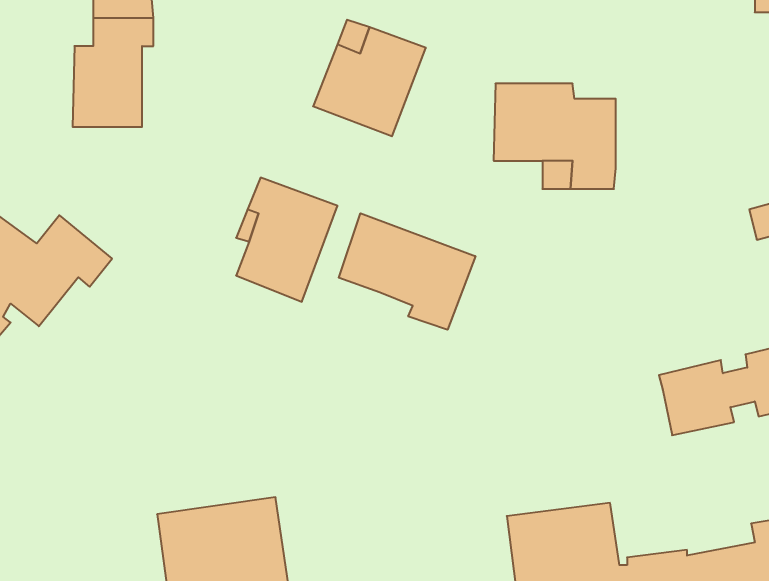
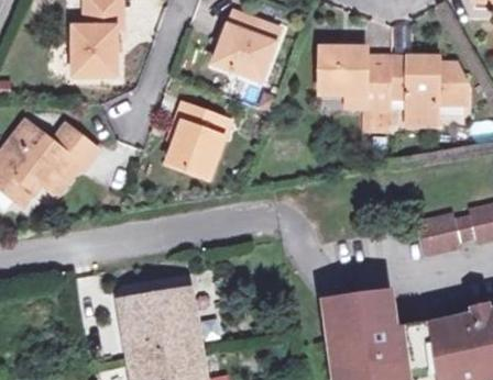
building: none -> [391,58,467,123]
building: [339,213,475,330] -> none

